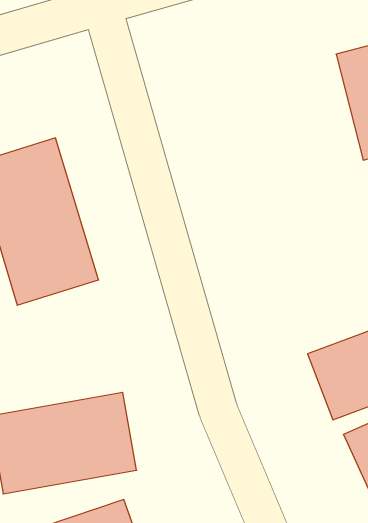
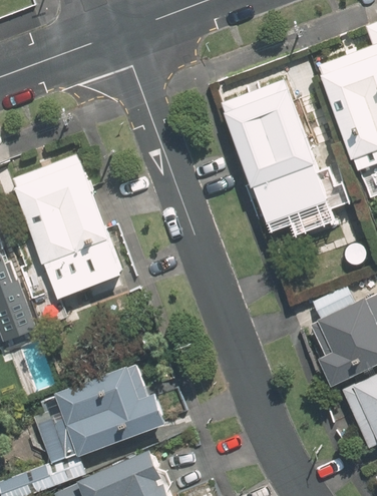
building: none -> [231,82,327,216]

